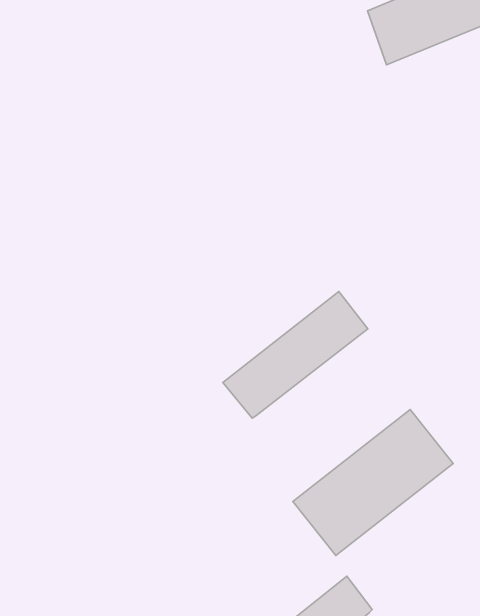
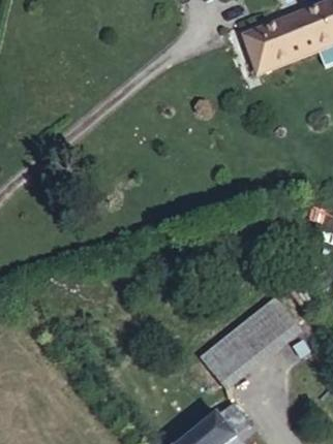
building: [223,291,368,418] -> none

